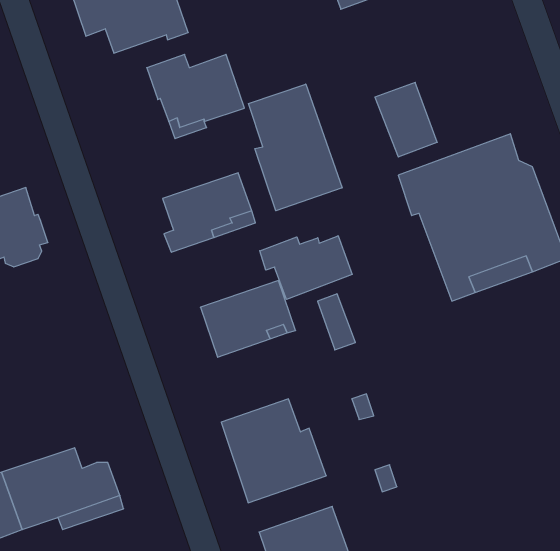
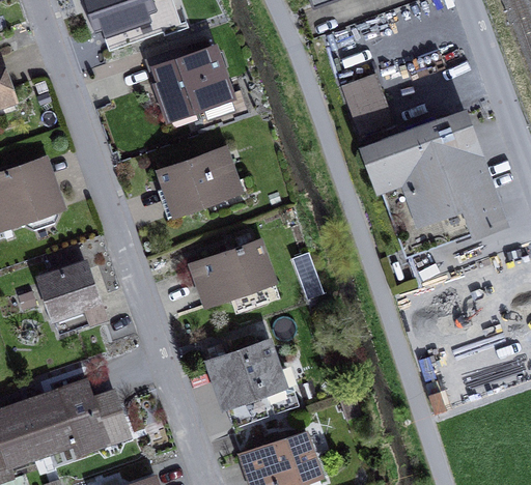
building: [249,84,342,211] -> none
building: [260,236,352,299] -> none
building: none -> [41,262,105,332]

